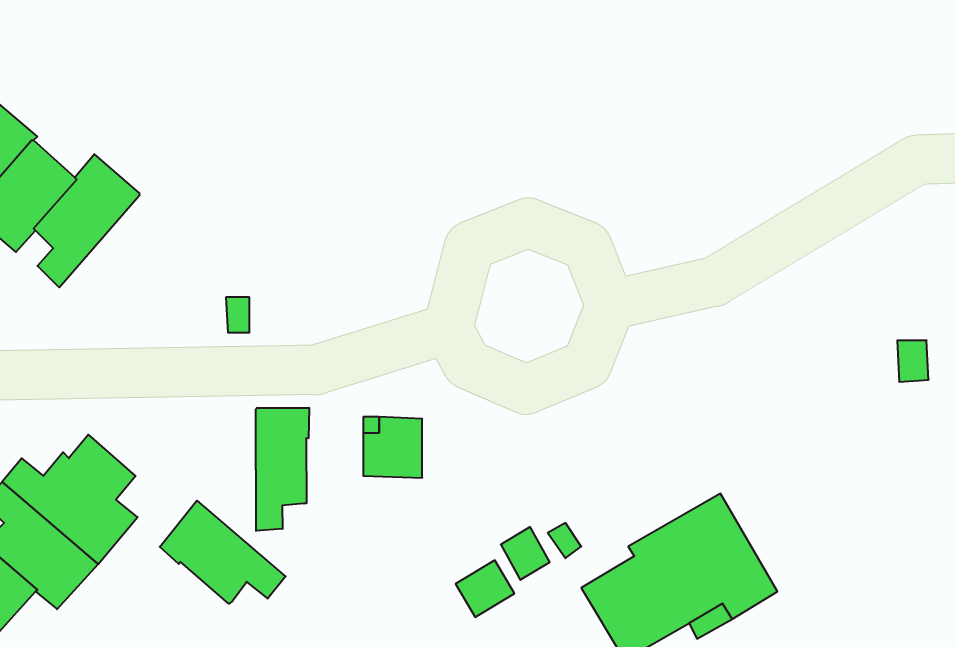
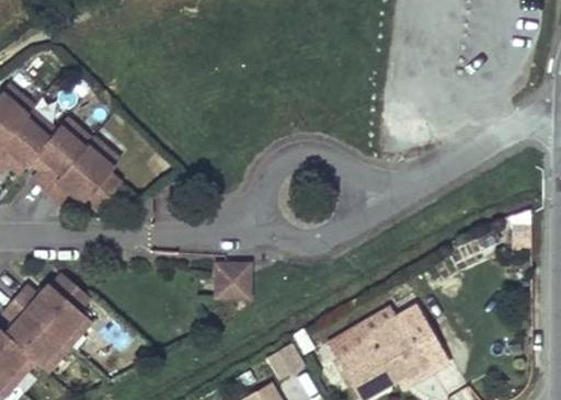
building: none -> [46,136,121,208]
building: [256,408,309,531] -> none
building: [160,501,286,604] -> none

